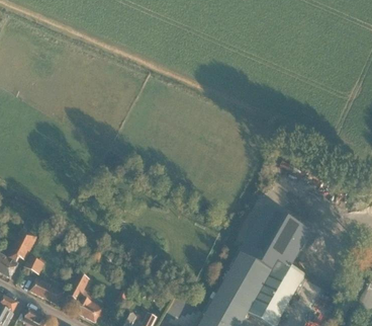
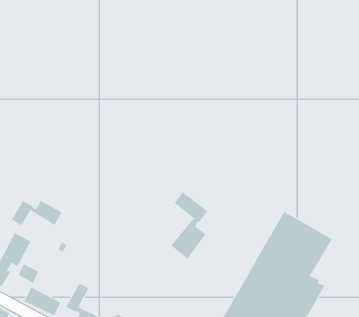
building: none -> [171,191,208,259]
building: none -> [11,200,63,226]

